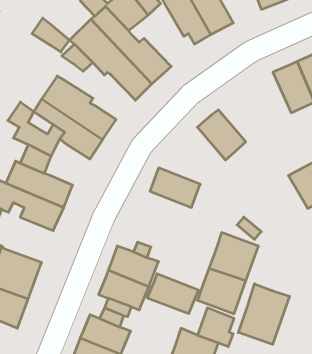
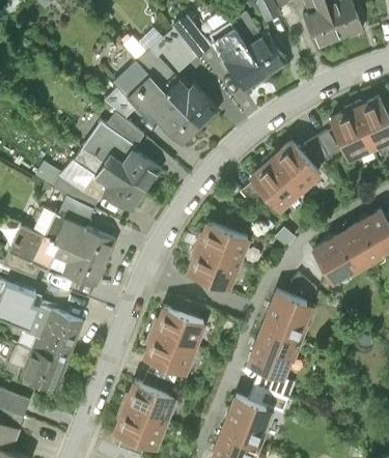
building: [32,18,70,52] -> [106,110,146,146]
building: none -> [306,132,339,165]
building: none -> [272,141,322,193]
building: none -> [312,229,367,285]
building: [147,274,199,313] -> [188,246,243,288]
building: [238,284,290,344] -> none

